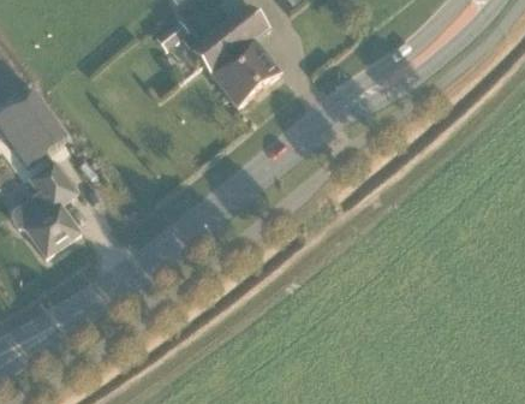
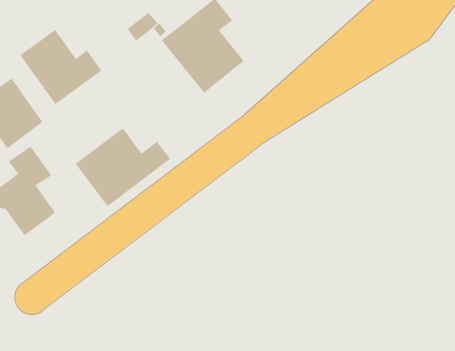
building: none -> [19,29,102,105]
building: none -> [75,127,171,207]

